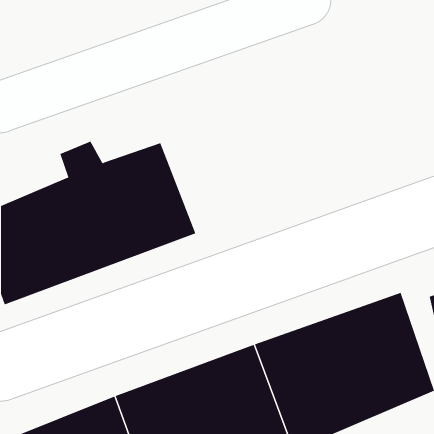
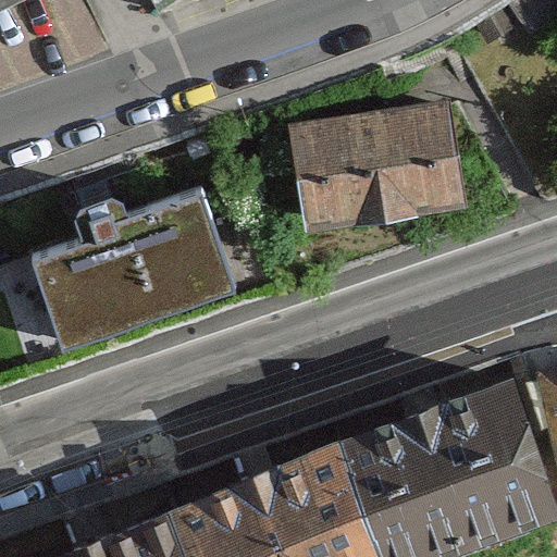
building: none -> [288,103,467,245]

